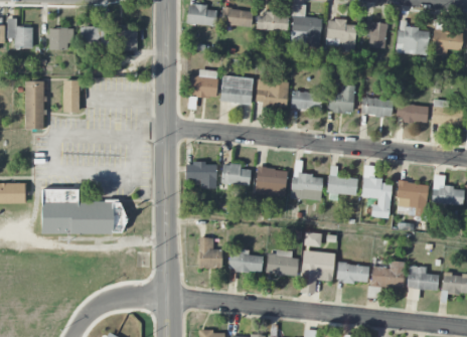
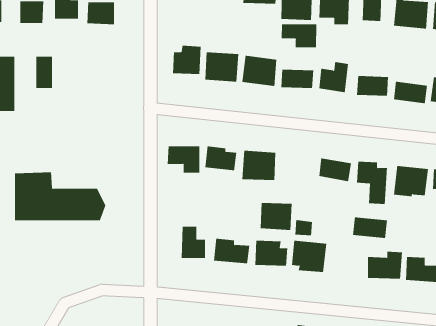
building: none -> [281,24,317,48]
building: [292,174,322,200] -> [260,202,292,231]
building: [335,263,368,283] -> [352,217,388,239]

